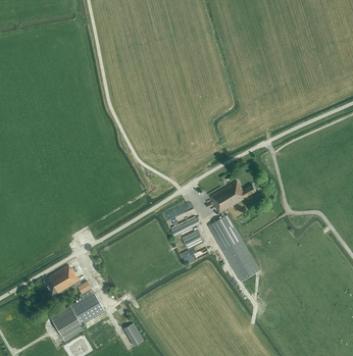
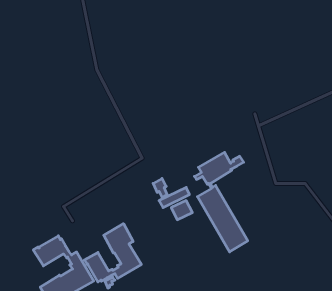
building: none -> [84,224,141,282]

